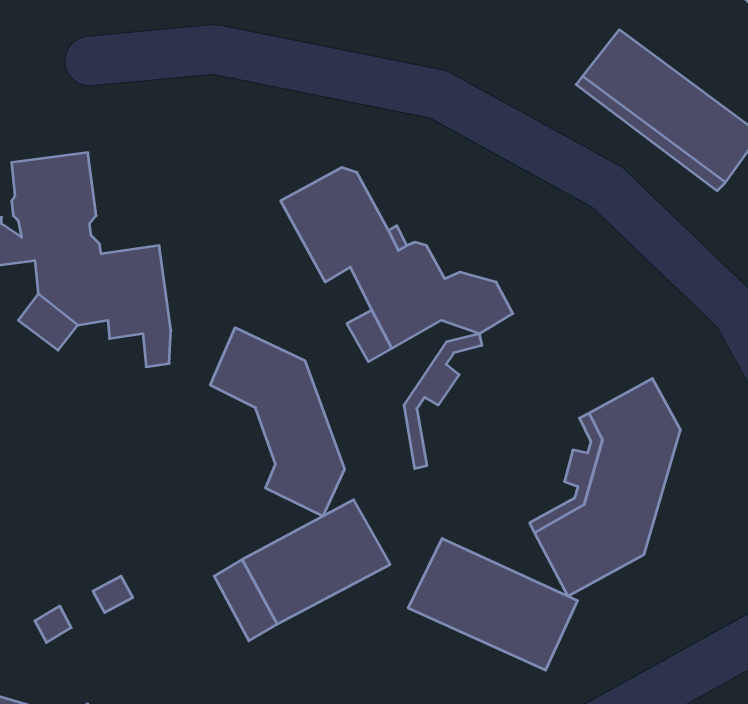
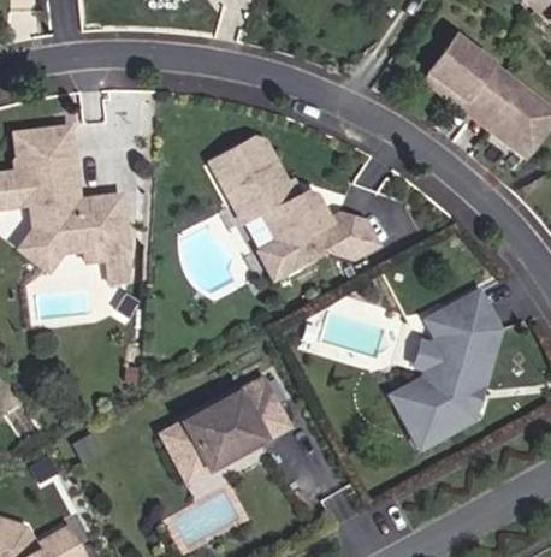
building: [210,328,344,516] -> none
building: [404,333,482,469] -> none
building: [408,538,578,670] -> none

